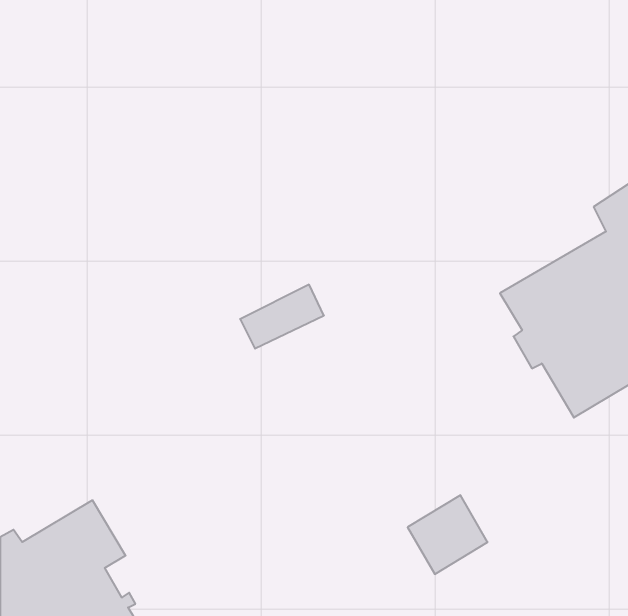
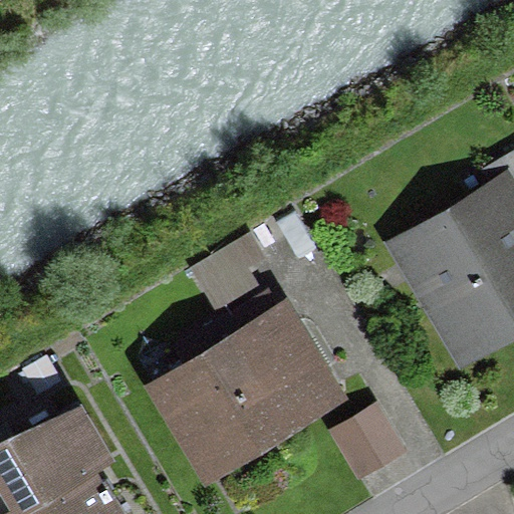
building: none -> [168,306,323,468]

